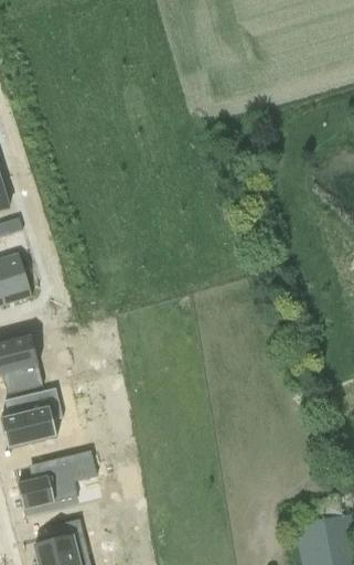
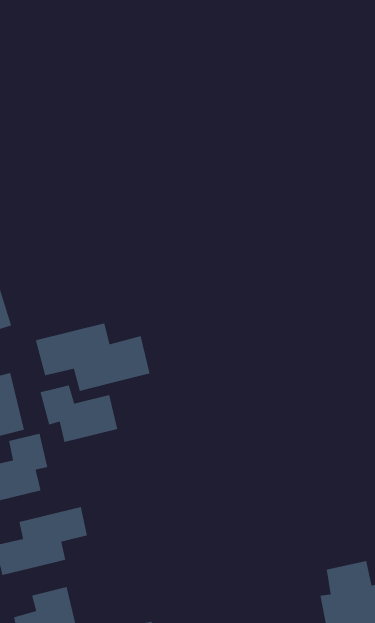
building: none -> [35,323,150,392]
building: none -> [39,384,118,443]

